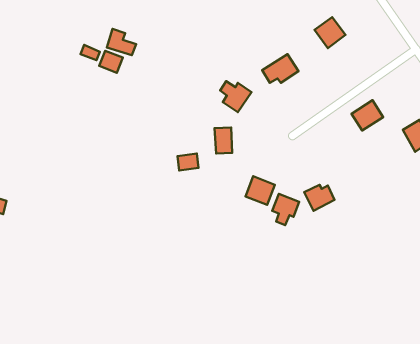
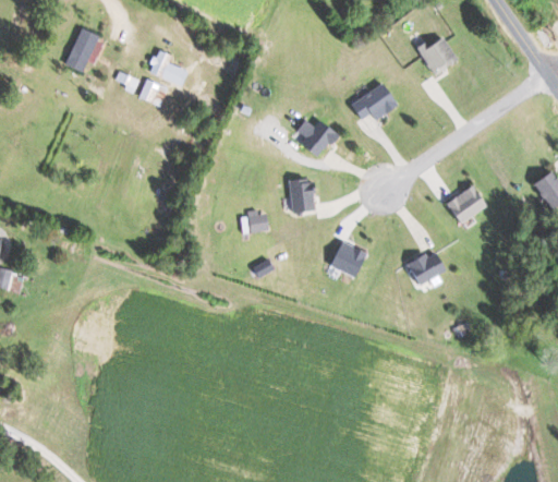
building: none -> [65,27,106,73]
building: [351,100,383,131] -> [446,184,487,224]
building: [272,194,299,225] -> none

